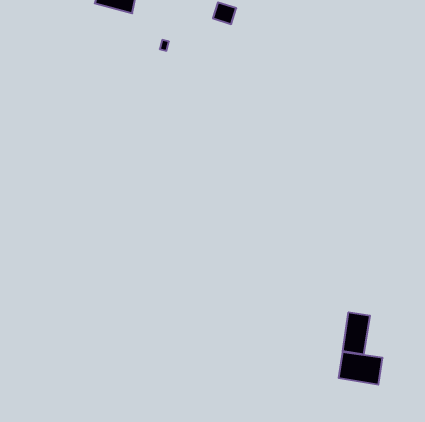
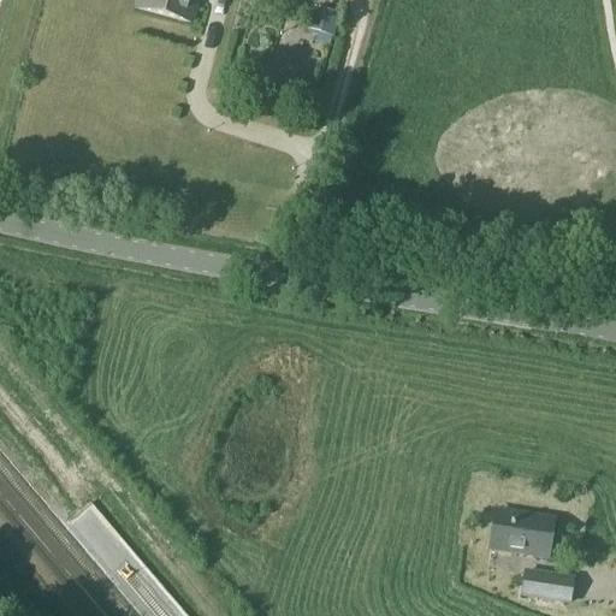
building: [343,312,370,354] -> none
building: none -> [531,569,574,602]

